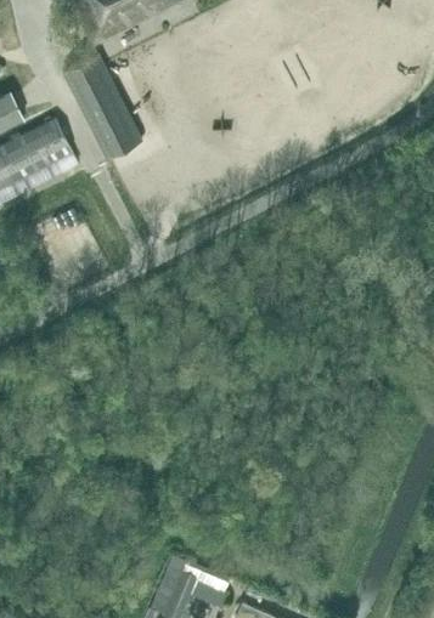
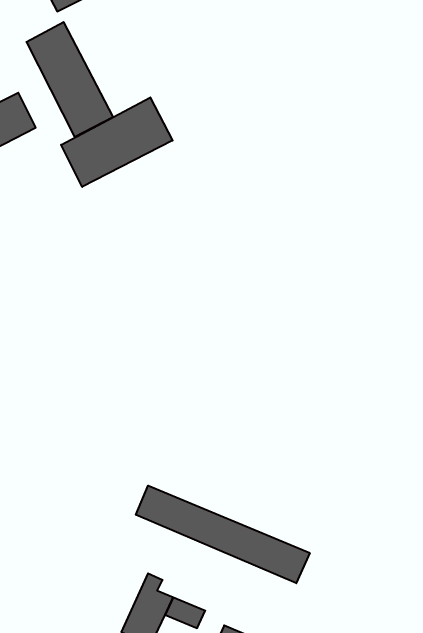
building: none -> [61,97,173,187]
building: none -> [136,486,310,583]

